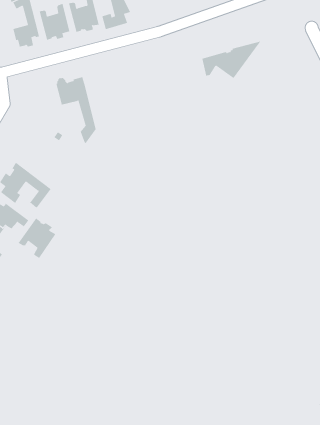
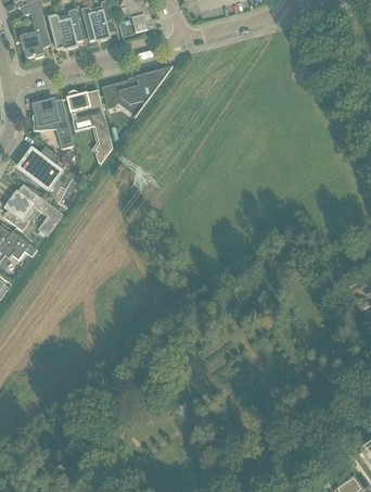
building: [202,39,263,79] -> [103,65,171,110]
building: none -> [33,98,74,148]
building: none -> [18,144,59,187]
building: [18,217,56,259] -> none

